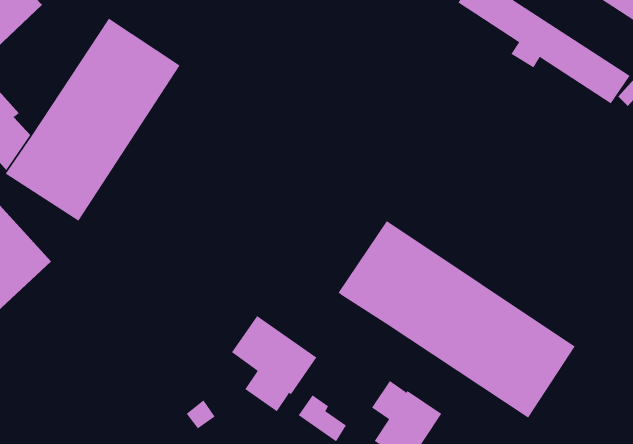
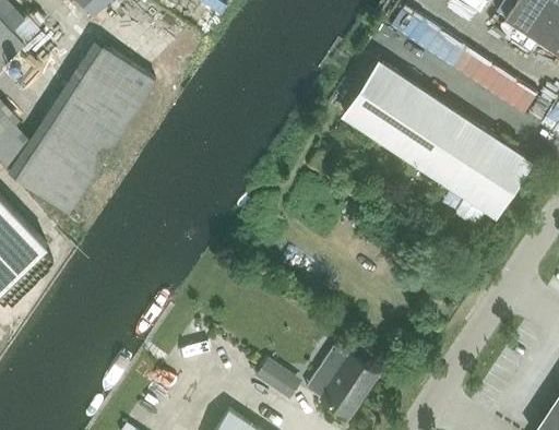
building: none -> [344,62,524,225]
building: [338,220,575,418] -> none
building: [231,315,317,412] -> none

